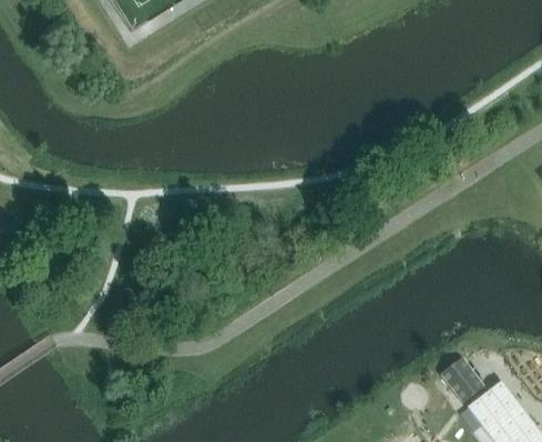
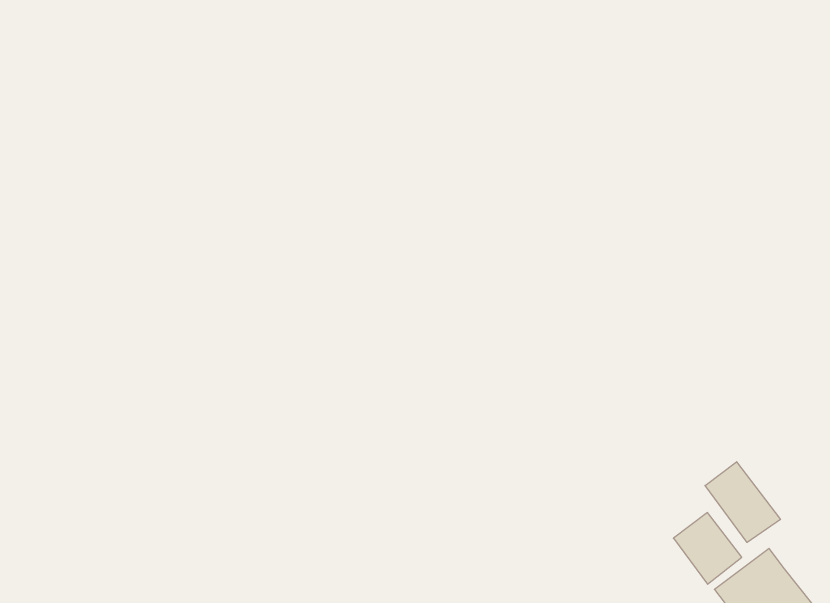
building: none -> [705,462,780,542]

